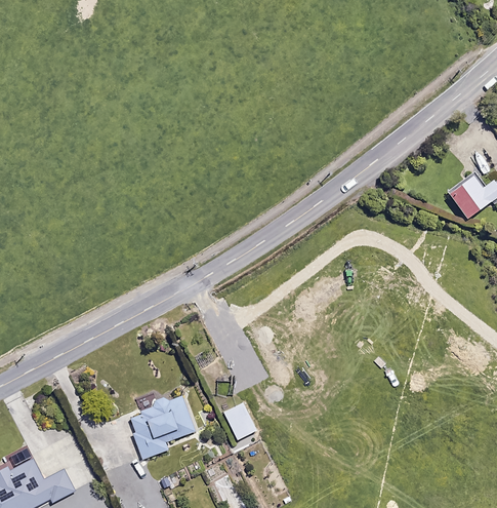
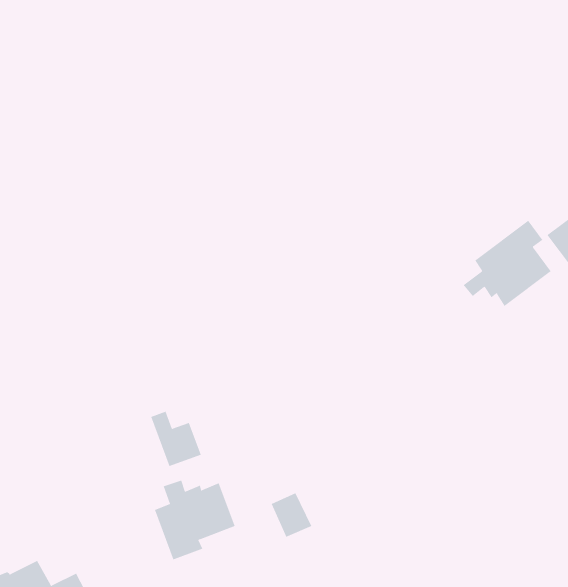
building: none -> [463,220,552,307]
building: none -> [150,411,202,467]

